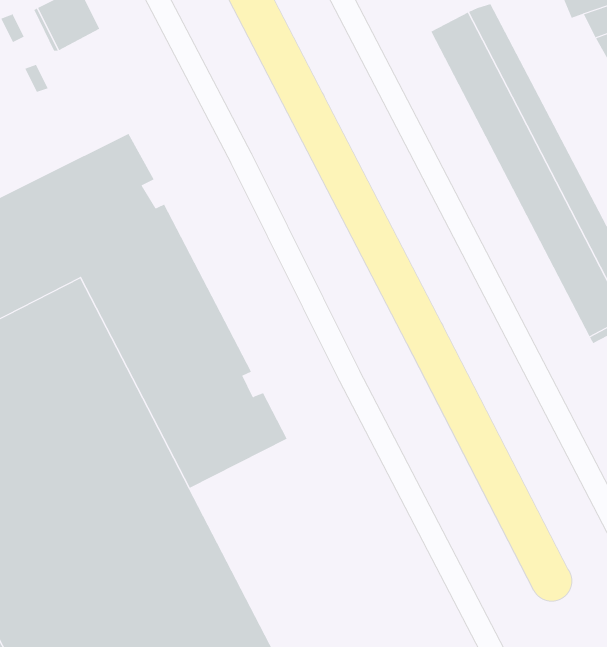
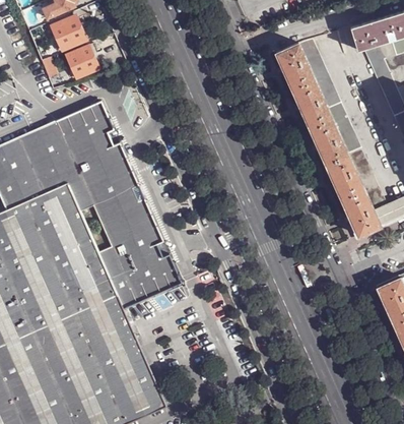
building: none -> [65,46,98,79]

